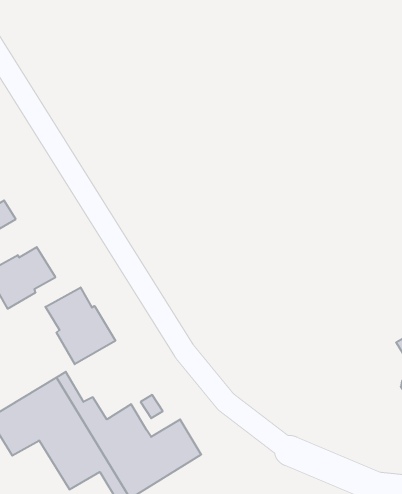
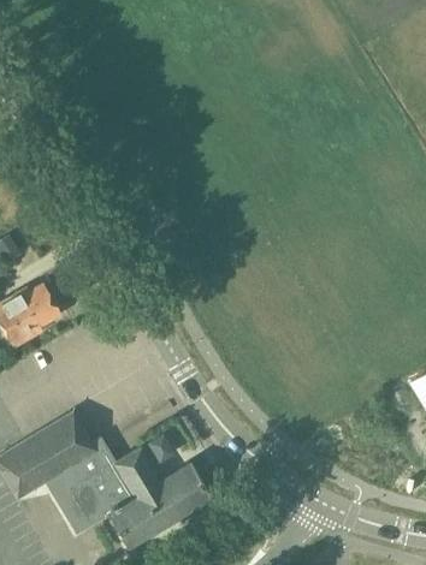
building: [45,287,115,364] -> none

